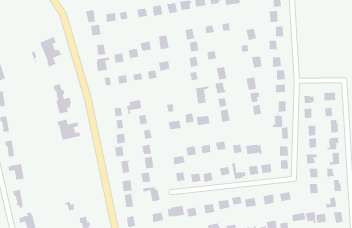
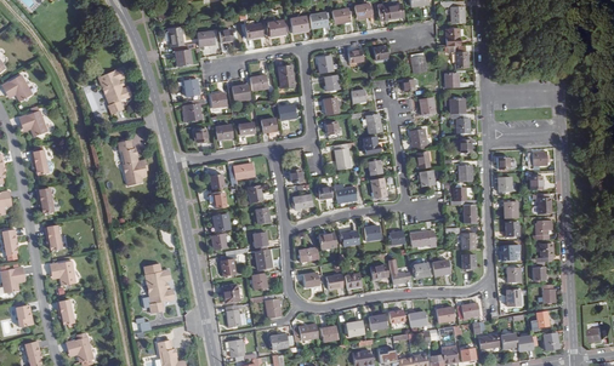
building: [57,119,81,140] -> none
building: none -> [144,269,174,313]

